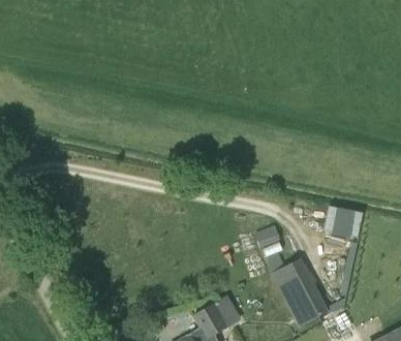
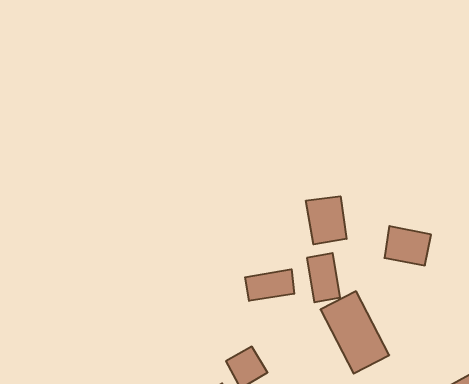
building: none -> [306,196,347,244]
building: none -> [245,269,294,301]

